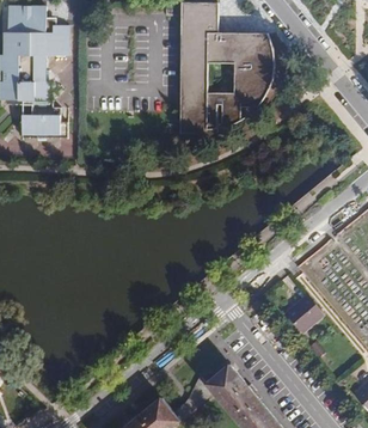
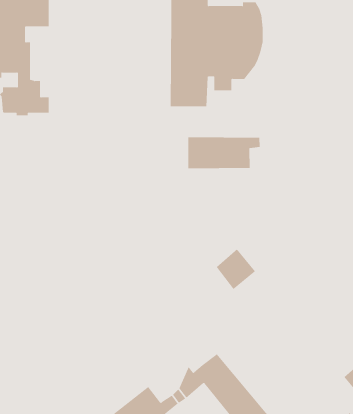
building: none -> [188,137,260,169]
building: [287,296,325,336] -> [216,249,256,290]

